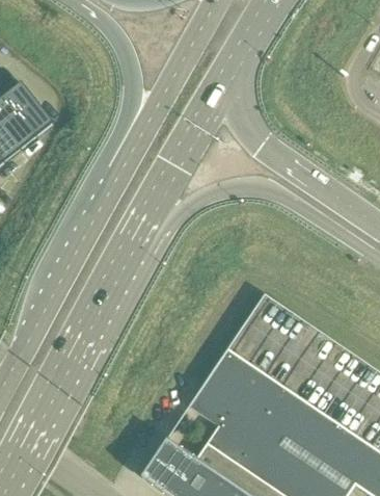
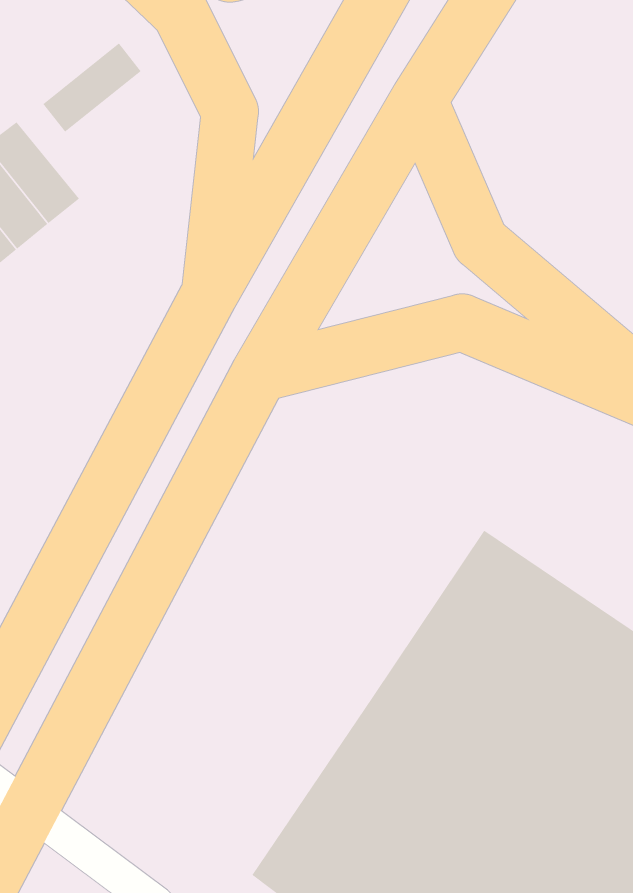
building: none -> [42,43,142,133]

